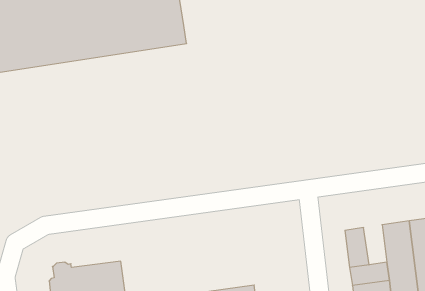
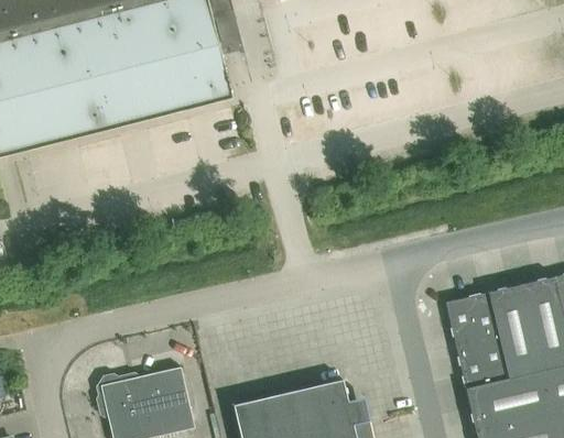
building: none -> [468,292,500,341]

